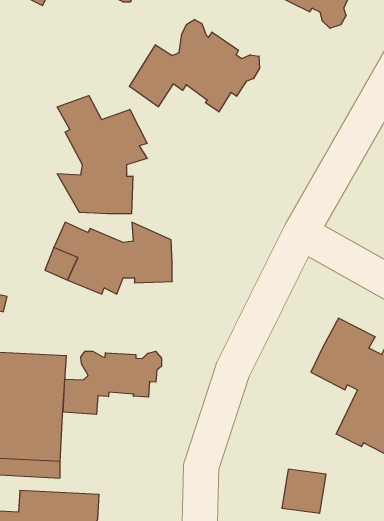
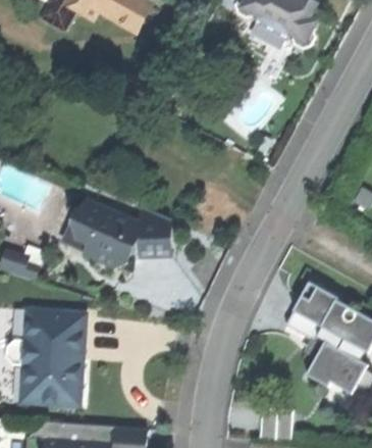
building: [129,19,259,112] -> none
building: [57,96,147,214] -> none
building: [63,351,162,414] -> none

